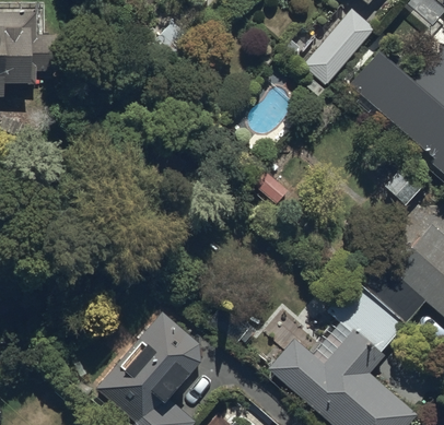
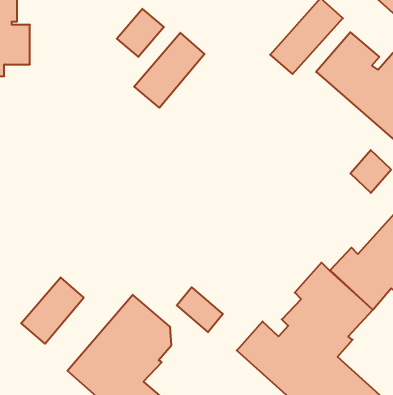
building: none -> [134,33,204,108]
building: none -> [21,277,84,344]

